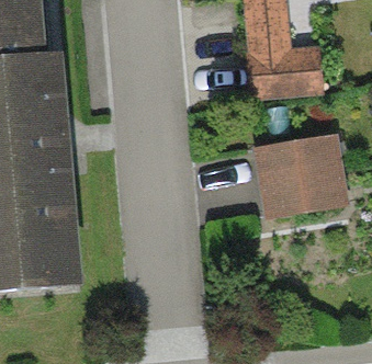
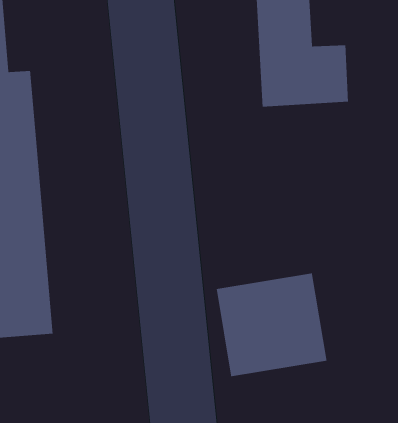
building: [251,136,342,221] -> [216,273,327,377]

